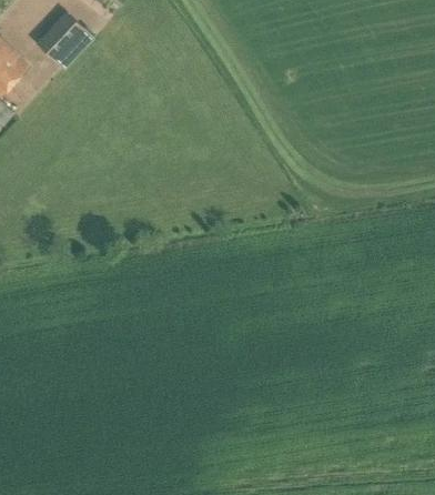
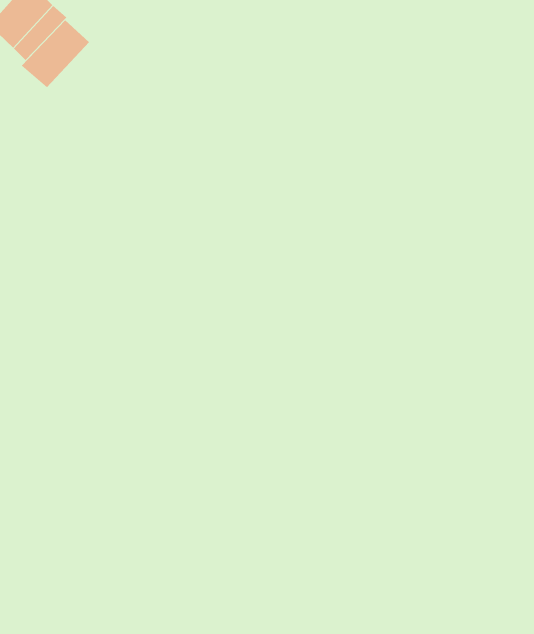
building: none -> [21,20,90,88]

